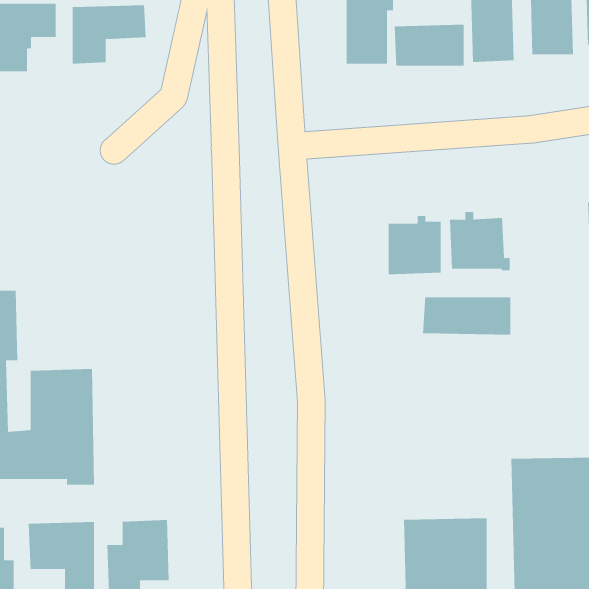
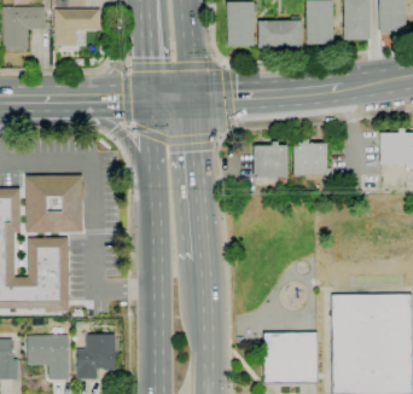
building: none -> [25,175,83,233]
building: [422,296,511,336] -> none

